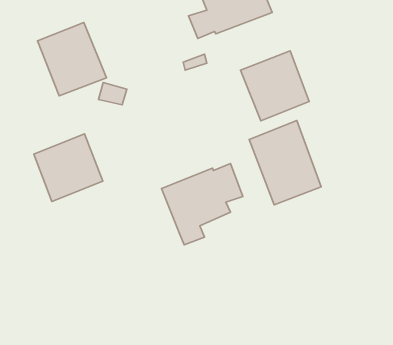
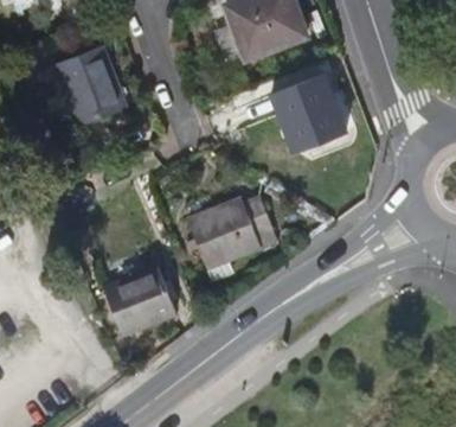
building: [249,120,321,205] -> none
building: [34,134,103,201] -> [105,263,178,334]

